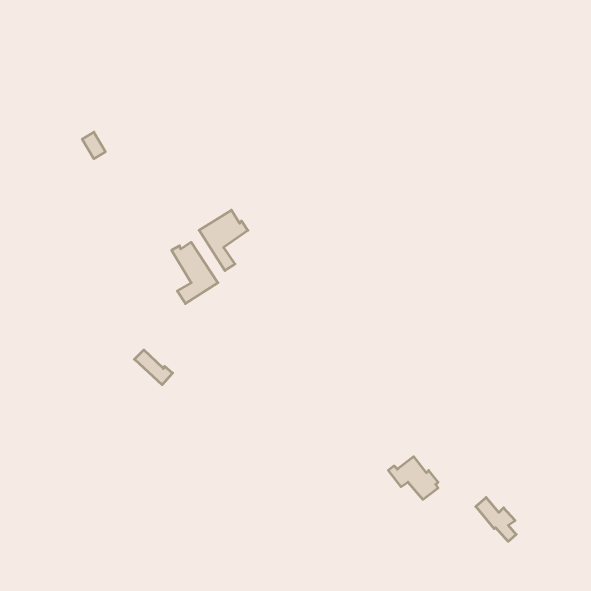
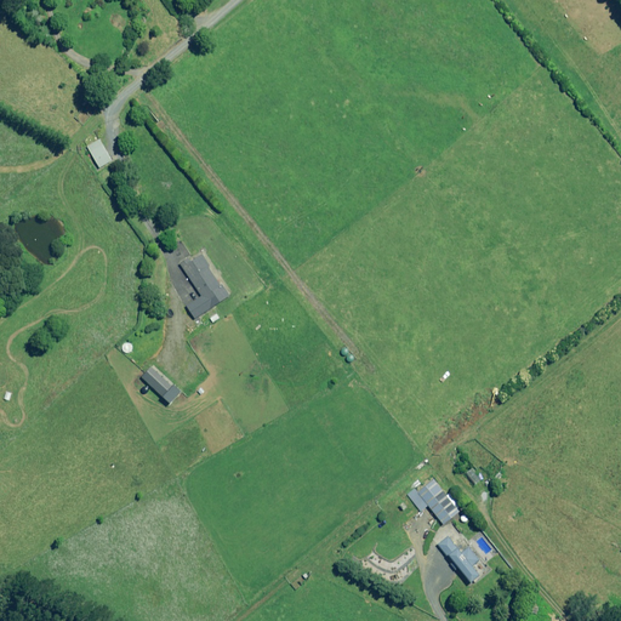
building: [199,210,248,271] -> none
building: [476,497,516,541] -> [437,535,479,581]

